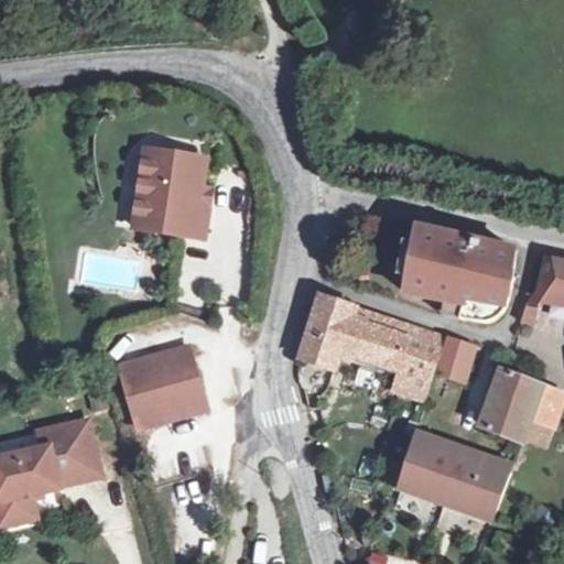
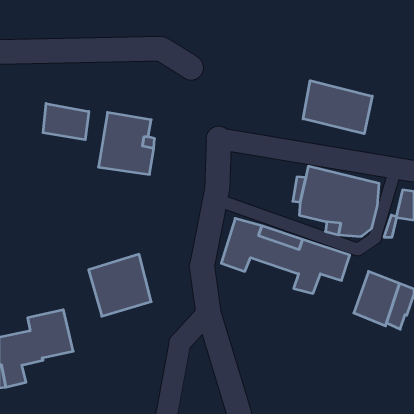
building: none -> [303,81,372,134]
building: none -> [43,103,89,140]
building: [400,440,509,517] -> none

